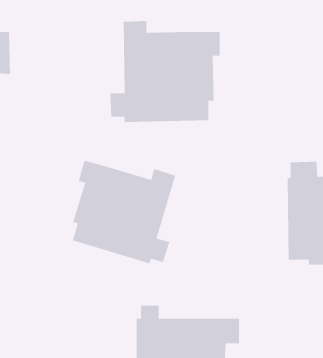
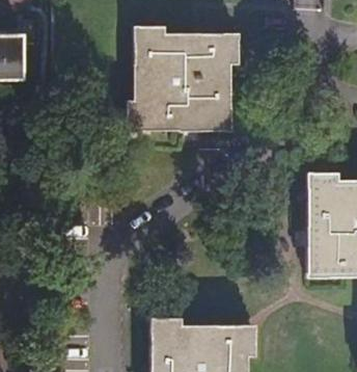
building: [72,160,176,264] -> none

